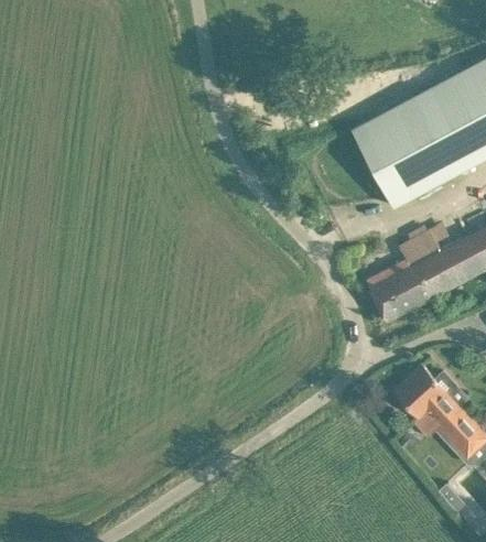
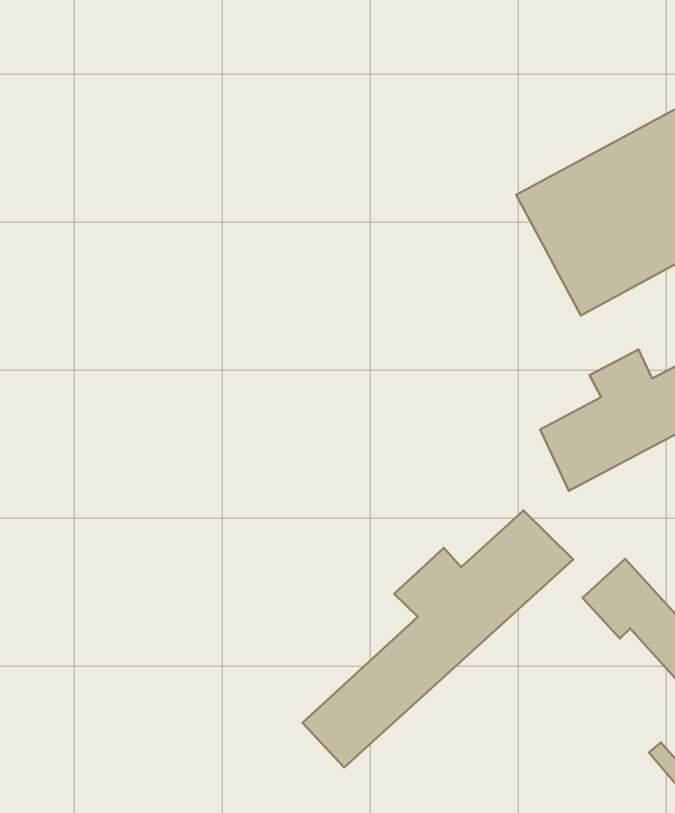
building: none -> [302,510,573,768]

